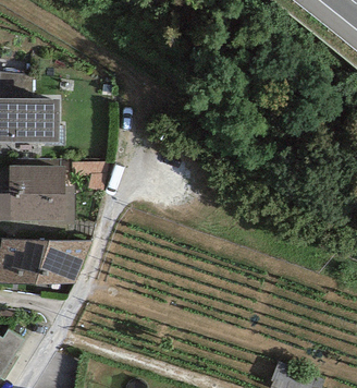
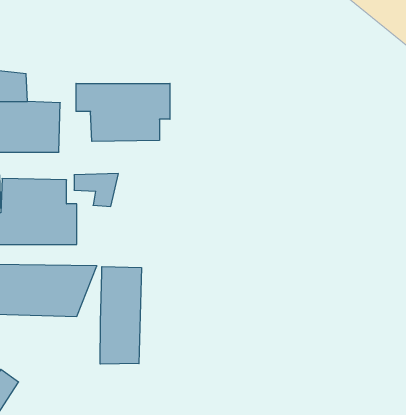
building: none -> [76,83,170,141]
building: none -> [100,267,141,364]

